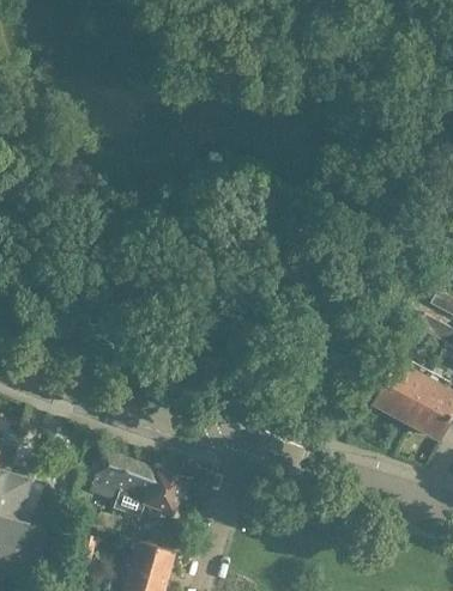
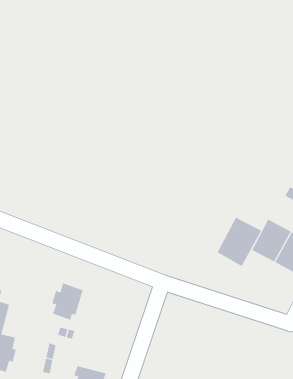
building: none -> [217,217,262,267]
building: [114,459,186,516] -> none
building: [125,541,174,577] -> none

